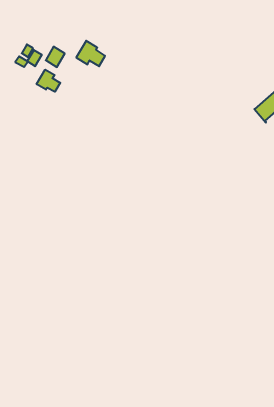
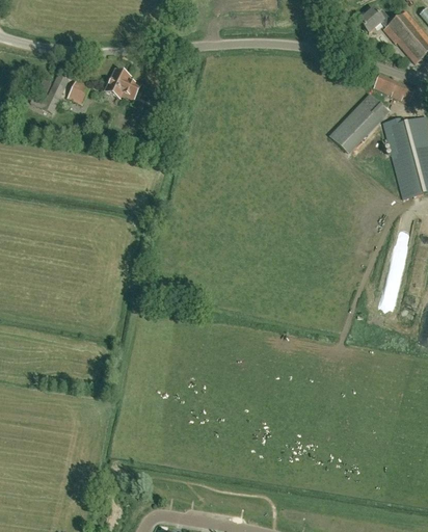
building: [37,70,60,92] -> none

